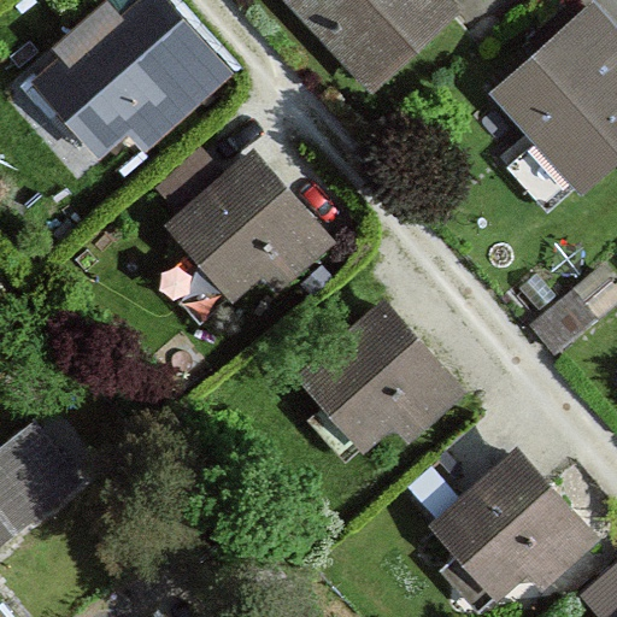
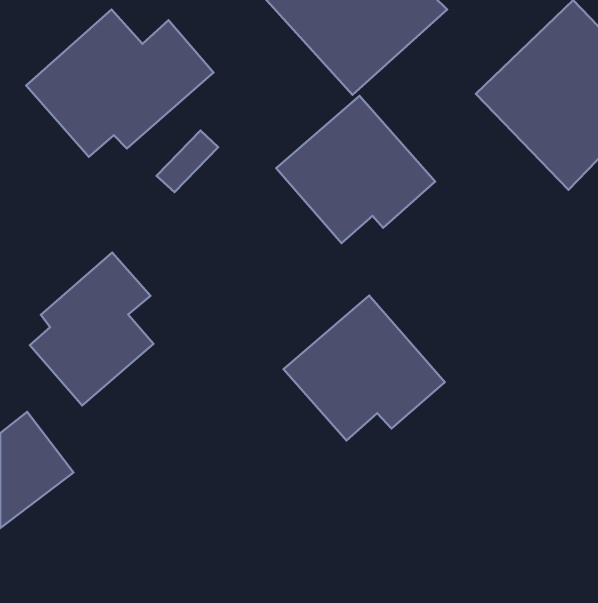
building: [165,153,327,302] -> [276,96,435,243]
building: none -> [30,253,153,405]
building: [431,448,603,600] -> none

